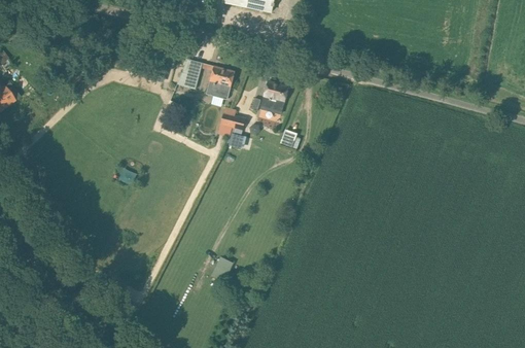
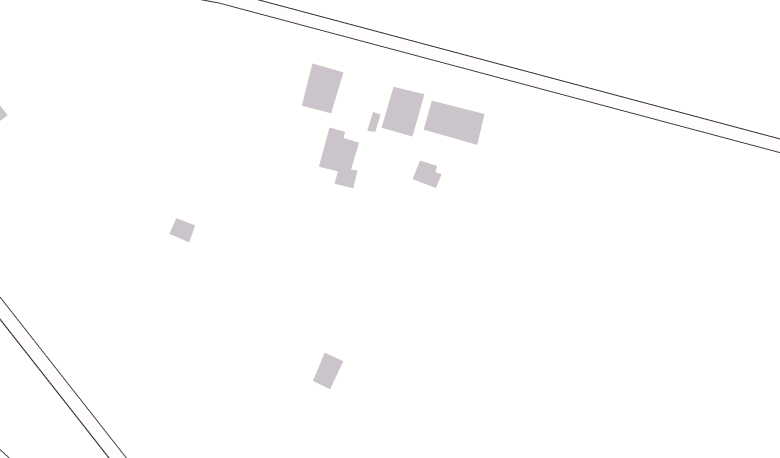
building: [176,59,202,90] -> none
building: none -> [423,100,486,146]

